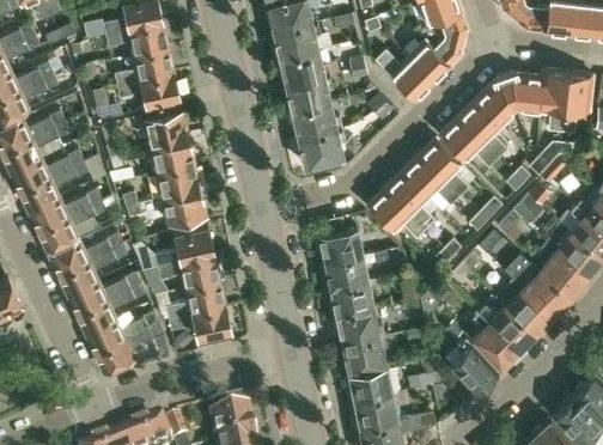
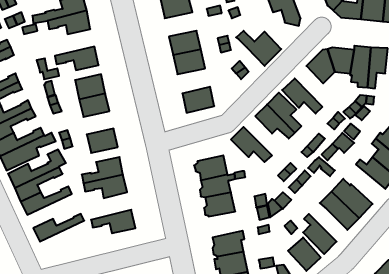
building: [273,23,318,57] -> none
building: [415,37,464,75] -> none
building: [114,47,172,85] -> none
building: [458,99,507,158] -> none
building: [291,103,337,139] -> none
building: [157,164,200,197] -> none
building: [385,171,434,227] -> none
building: [538,240,587,297] -> none
building: [154,280,225,319] -> none
building: [77,282,146,331] -> none
building: [479,304,534,350] -> none
building: [333,307,384,345] -> none
building: [95,321,164,371] -> none

